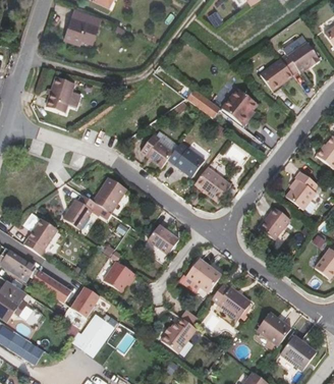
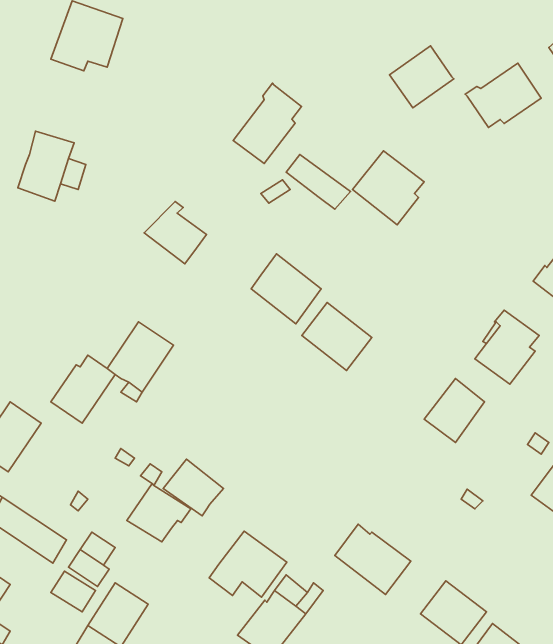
building: none -> [233,83,301,164]
building: [259,58,292,91] -> [390,46,454,108]
building: [140,134,172,167] -> [144,202,206,264]
building: [147,224,178,254] -> [163,459,224,516]
building: [180,258,221,292] -> [209,531,287,597]

